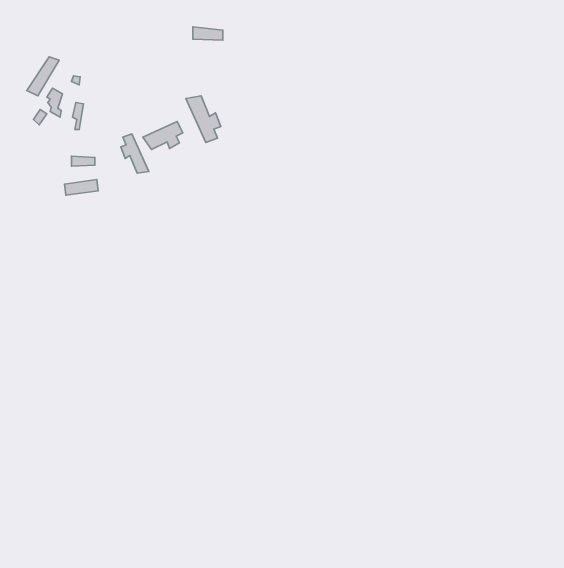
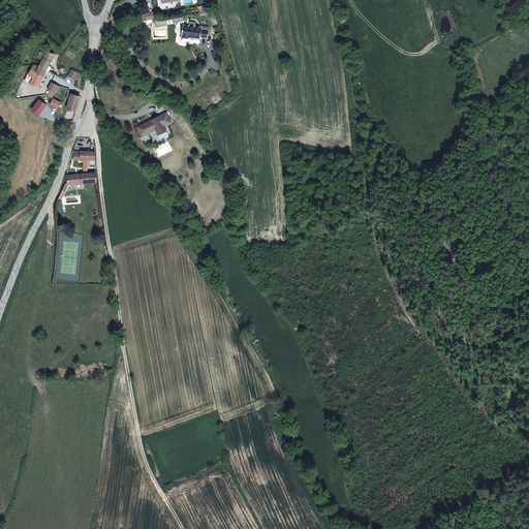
building: [186,96,221,143] -> none
building: [121,134,149,173] -> none

